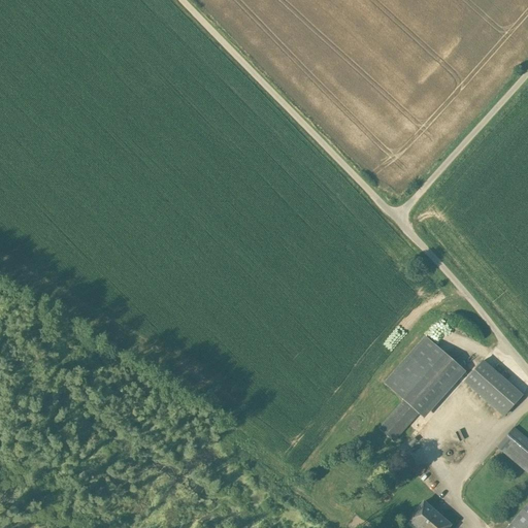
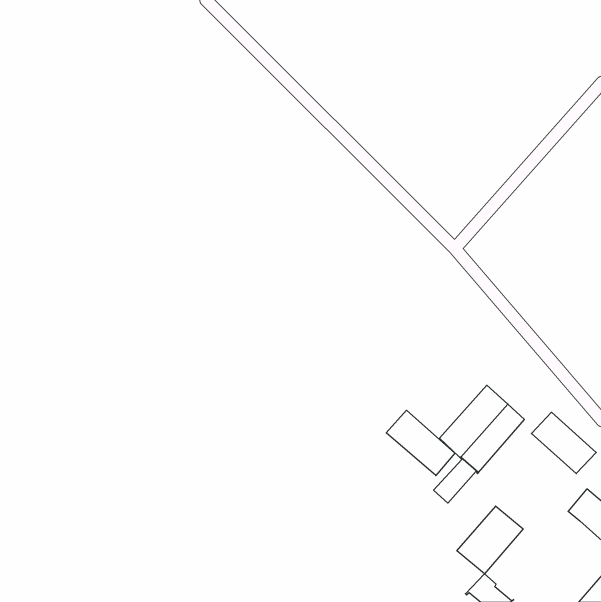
building: none -> [386,410,455,476]
building: none -> [457,506,523,574]

